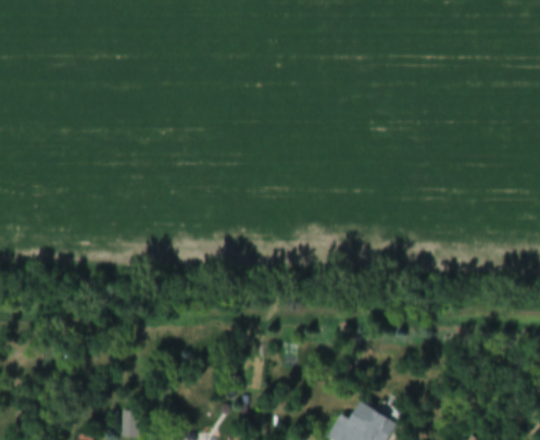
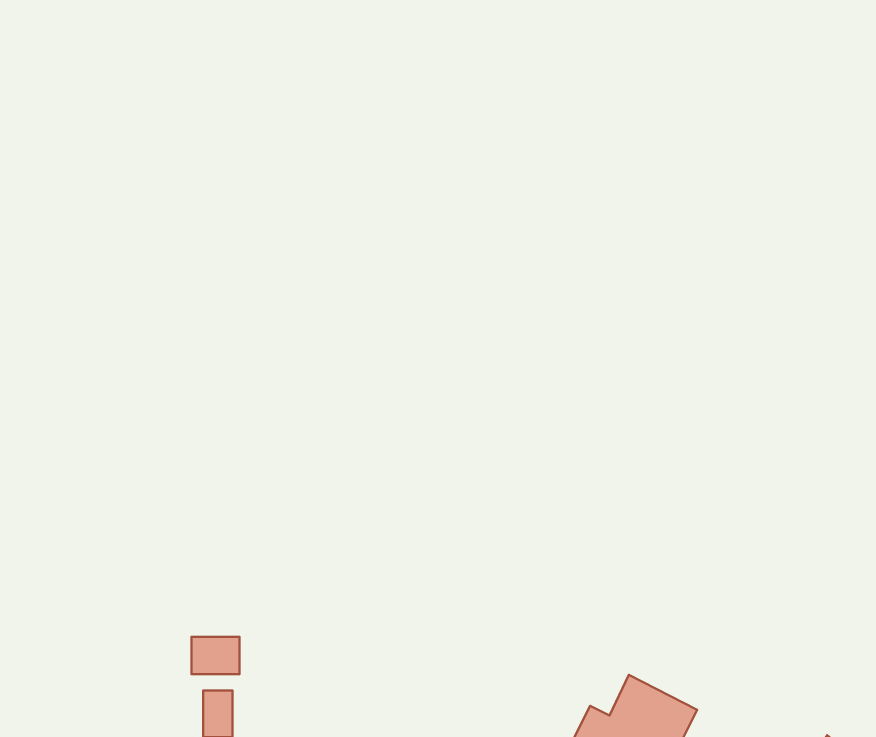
building: none -> [191,637,240,674]

